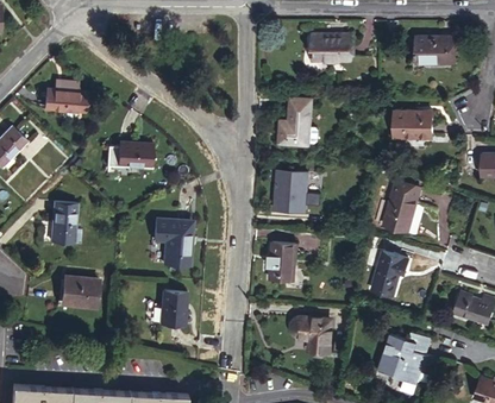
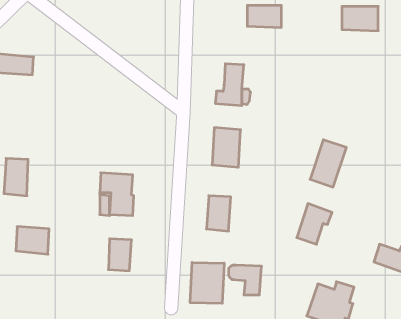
building: [391,113,430,139] -> none
building: [119,141,151,165] -> none
building: none -> [190,262,224,303]

